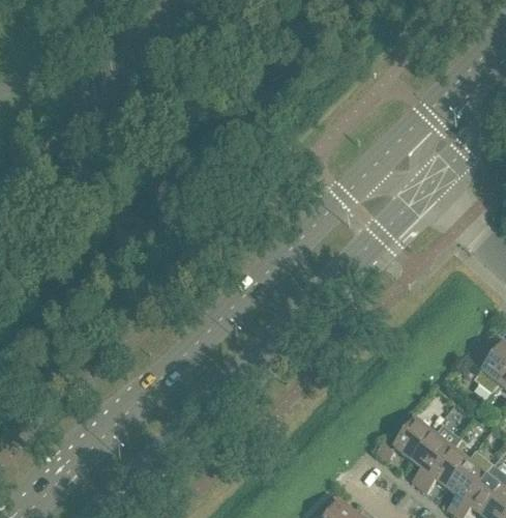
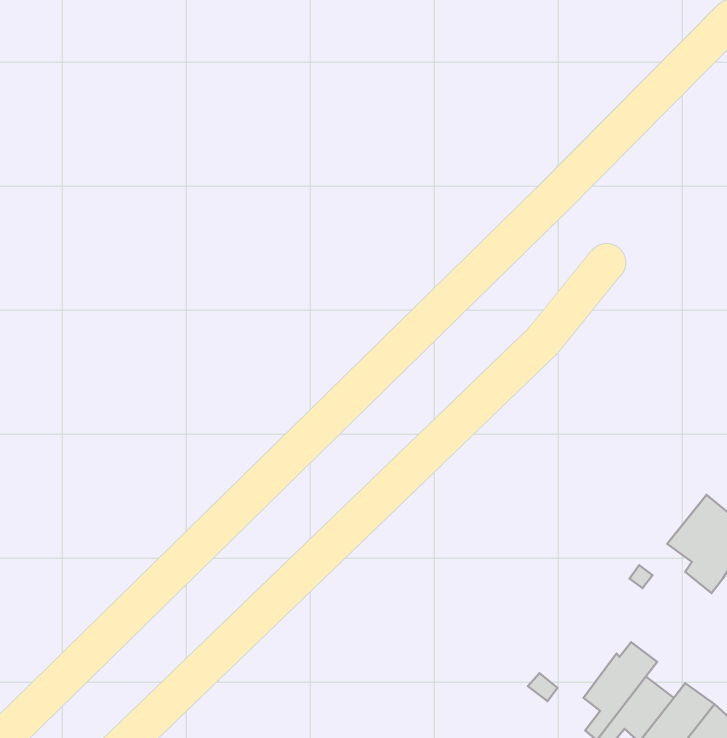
building: [394,419,433,460] -> none

